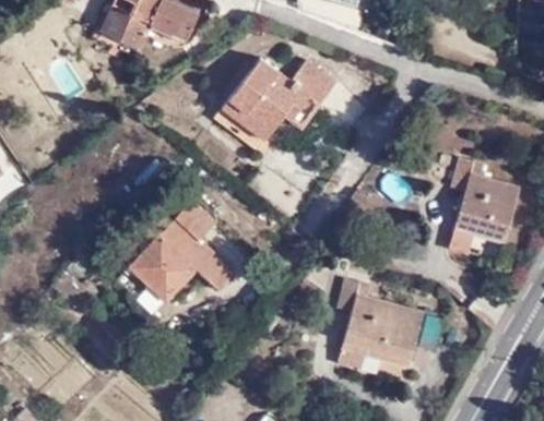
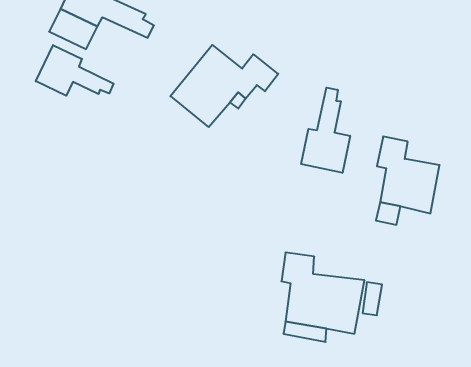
building: none -> [36,45,114,96]
building: none -> [301,88,350,173]
building: [134,200,236,299] -> none

